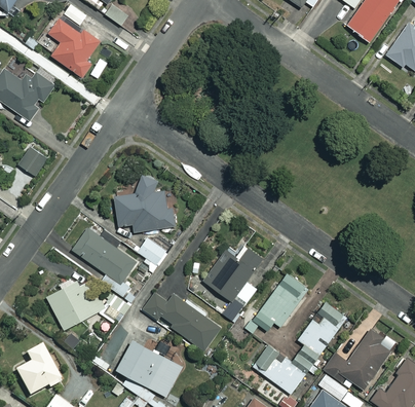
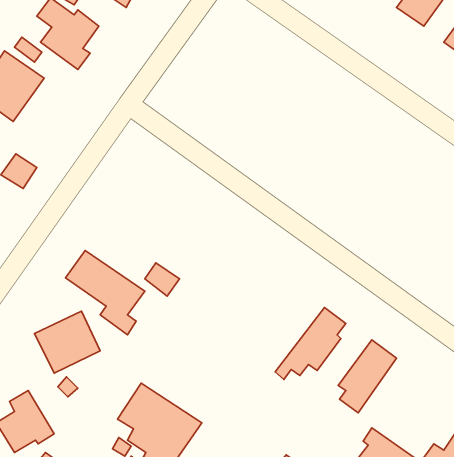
building: [114,176,175,232] -> none
building: [205,248,262,323] -> none
building: [144,284,220,351] -> none
building: [325,329,389,388] -> none
building: [253,344,314,394] -> none

